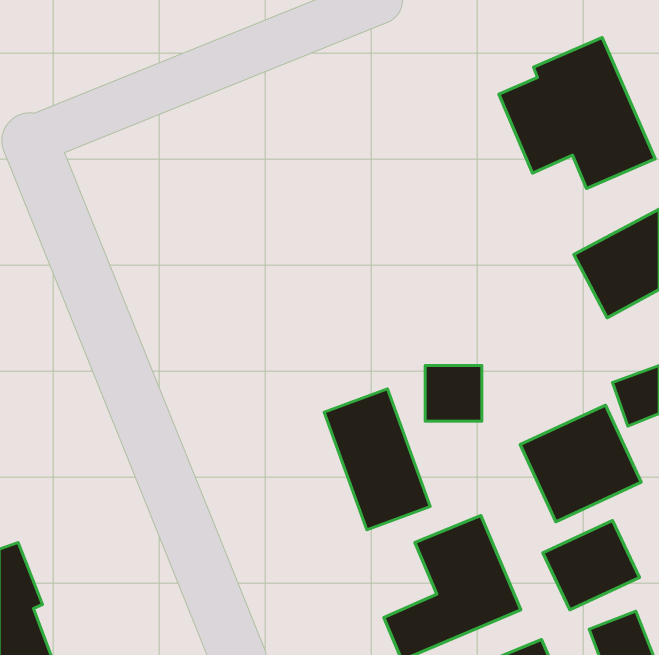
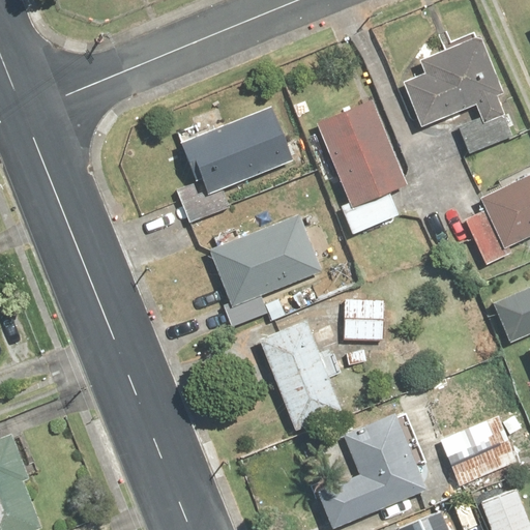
building: none -> [318,95,409,235]
building: none -> [177,100,297,223]
building: none -> [204,212,324,327]
building: [520,405,641,522] -> none

